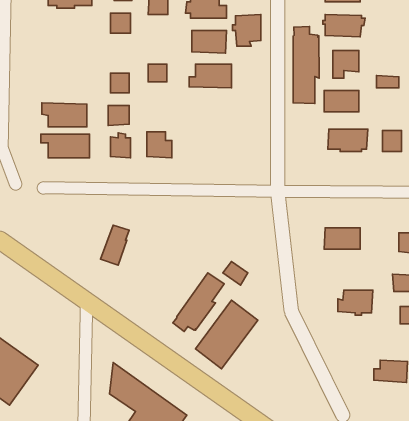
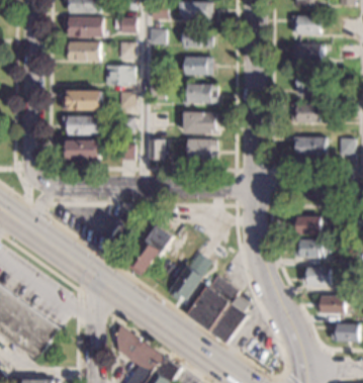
building: none -> [64,41,100,61]
building: [233,15,261,46] -> none
building: [293,27,319,103] -> none
building: none -> [104,66,133,84]
building: none -> [61,90,101,110]
building: none -> [183,111,216,133]
building: none -> [187,138,216,159]
building: none -> [127,224,173,276]
building: none -> [294,240,330,258]
building: none -> [316,295,351,313]
building: none -> [210,296,249,344]

